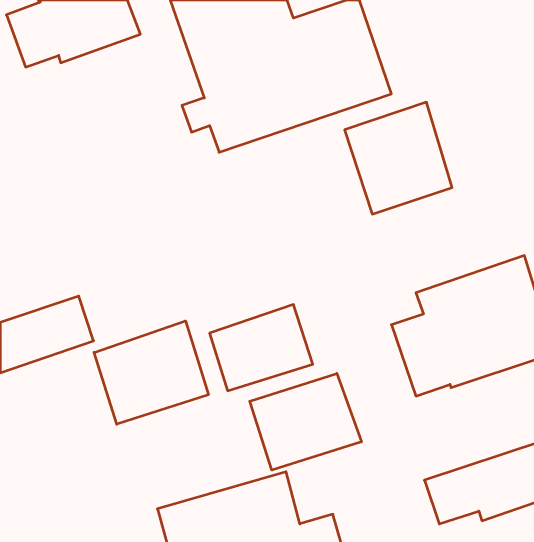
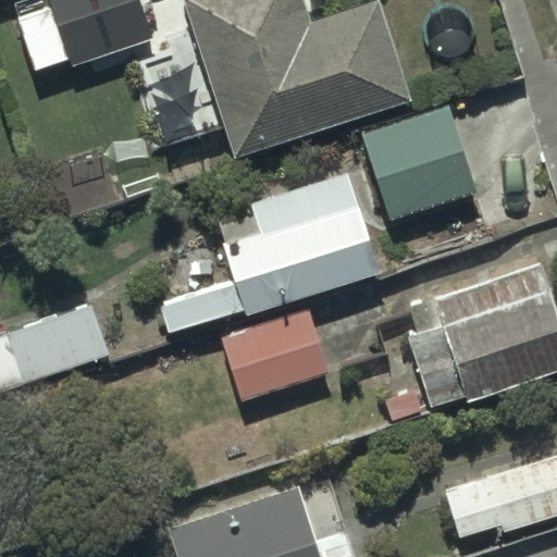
building: none -> [157,169,380,331]
building: [94,321,208,424] -> none
building: [250,373,361,470] -> none

